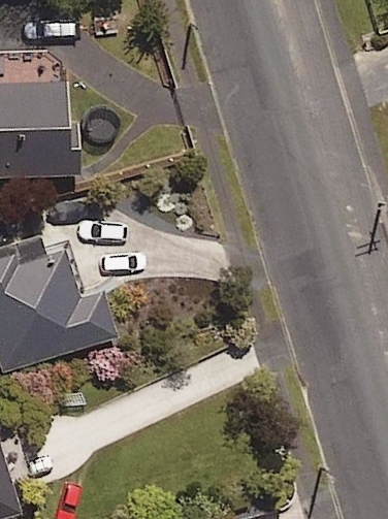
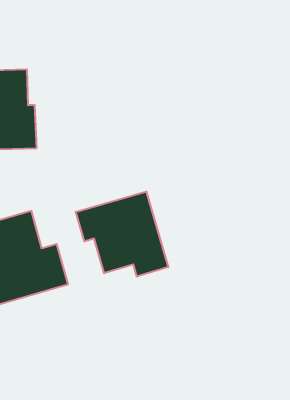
building: none -> [76,191,168,277]

